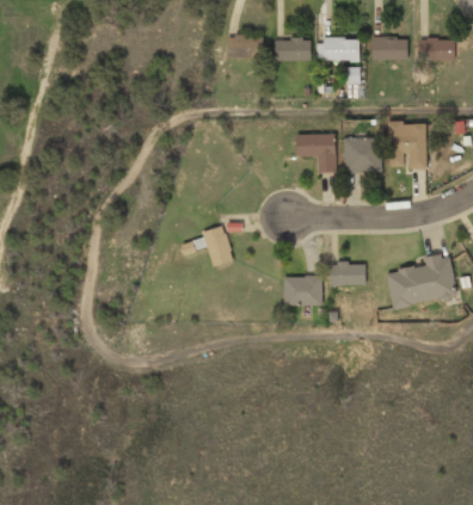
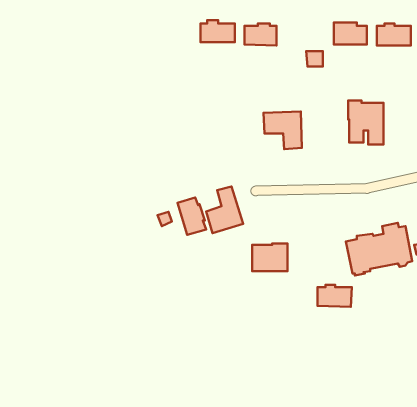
building: [315,36,358,62] -> none
building: [343,137,382,172] -> none
building: none -> [206,186,243,233]
building: [328,261,366,285] -> [318,285,352,307]

